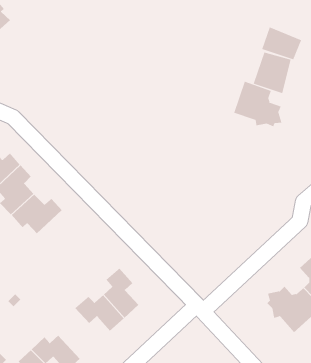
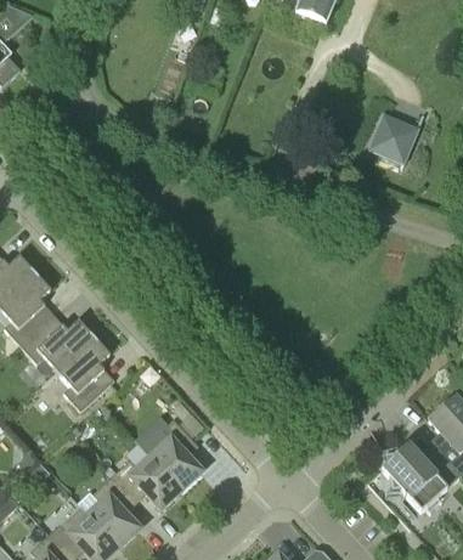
building: [261,26,302,60] -> none
building: [233,81,282,127] -> none
building: none -> [57,336,114,409]
building: none -> [87,475,140,547]

